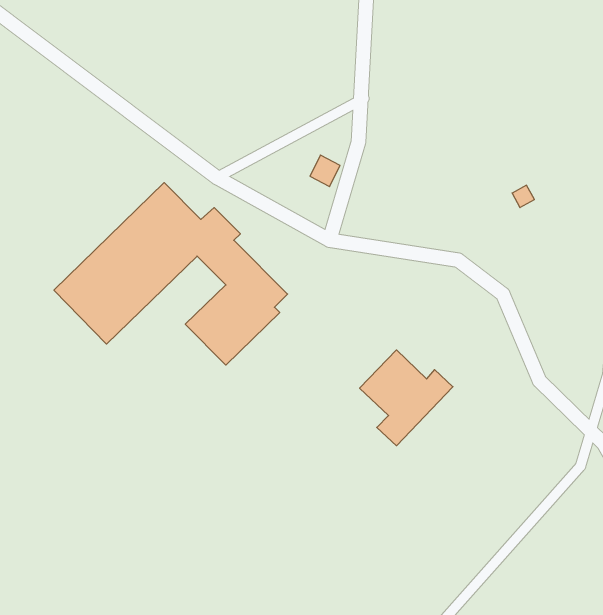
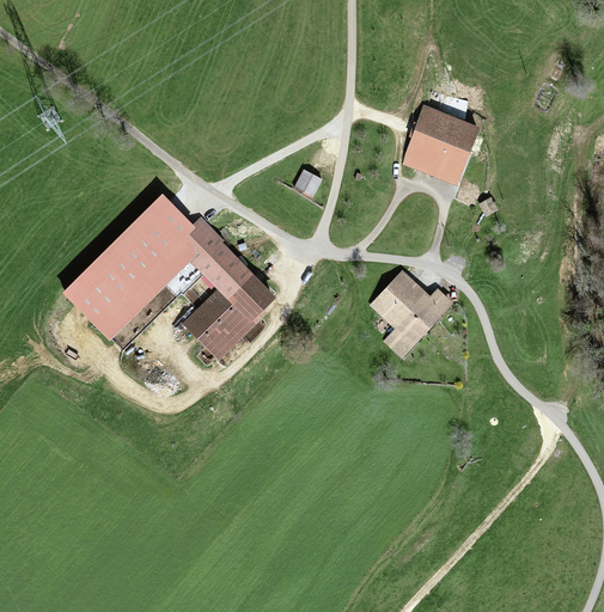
building: none -> [401,105,480,186]
building: [360,350,453,446] -> [370,269,454,356]

